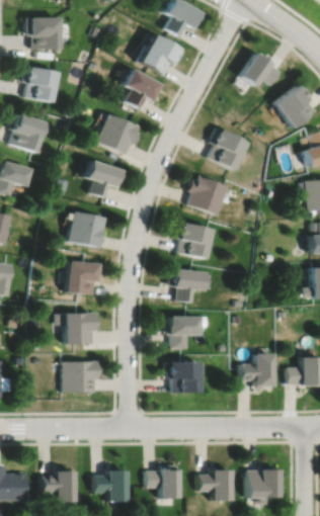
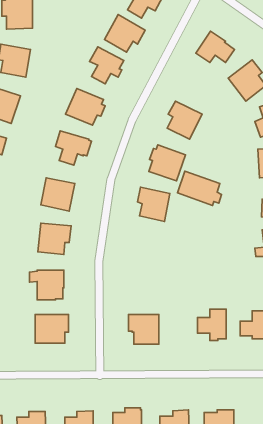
building: none -> [177,171,222,205]
building: [167,269,205,303] -> none
building: [166,317,198,349] -> none

